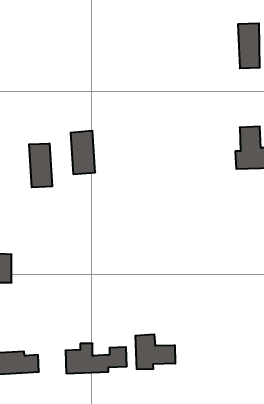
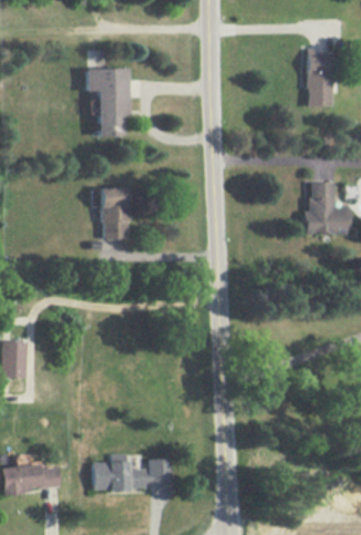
building: none -> [87,69,131,136]
building: [29,143,52,187] -> none
building: [135,334,175,369] -> none

